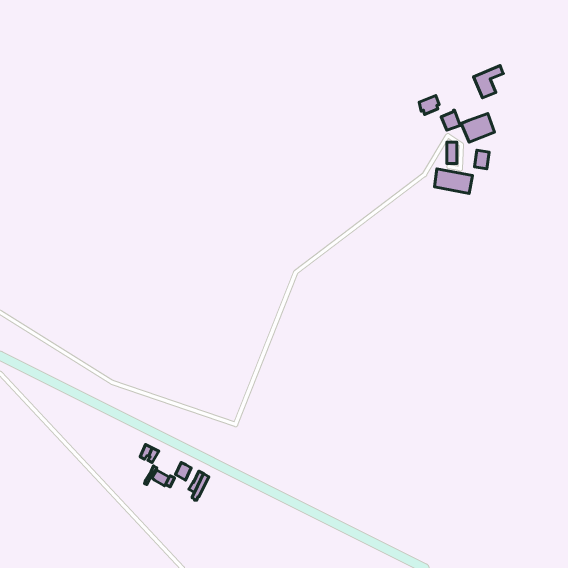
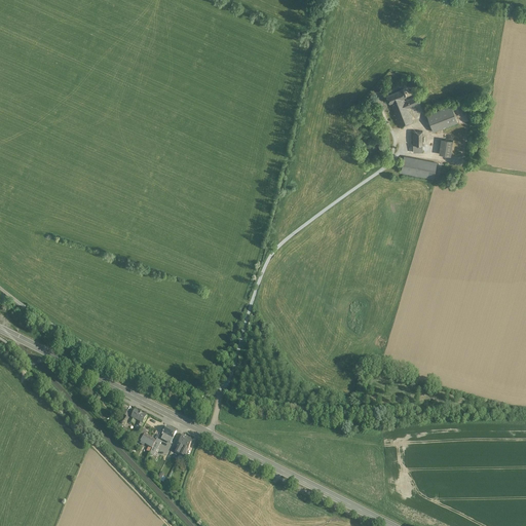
building: [474,66,504,98] -> [392,96,420,125]

